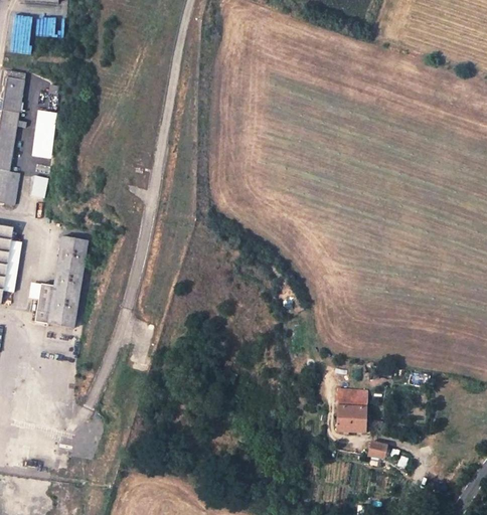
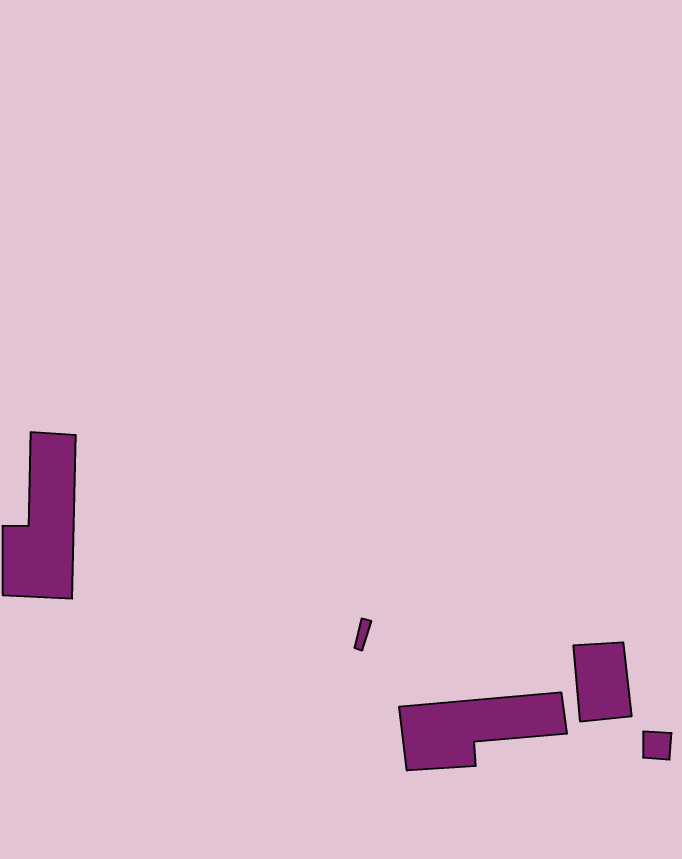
building: none -> [399,692,567,771]

